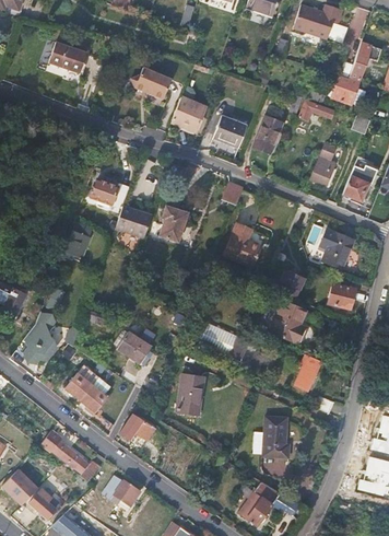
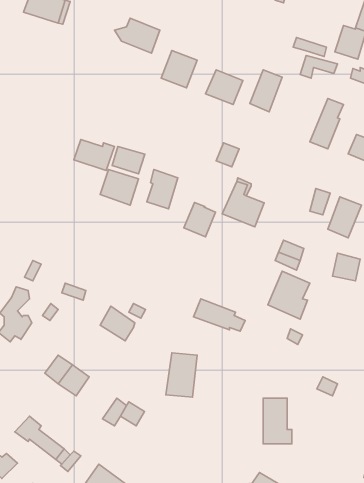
building: none -> [112,147,145,174]
building: [63,220,94,257] -> none
building: none -> [184,202,215,237]
building: [295,353,321,391] -> none

